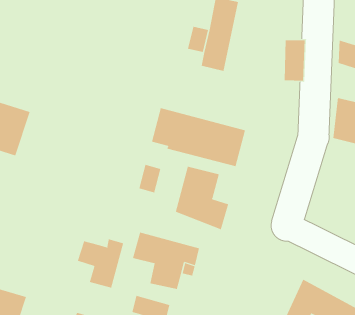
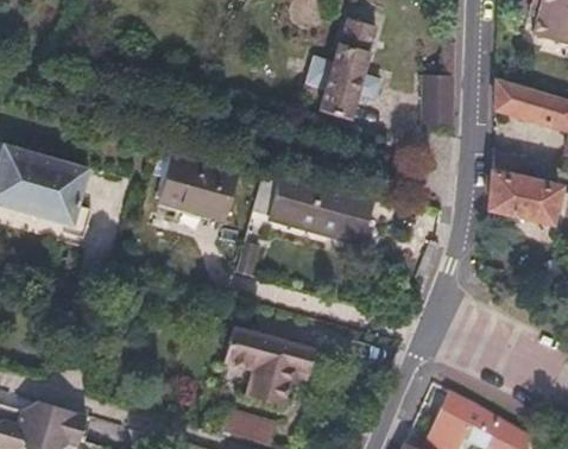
building: none -> [157,154,234,220]
building: [175,166,229,230] -> none
building: [77,238,124,288] -> none

